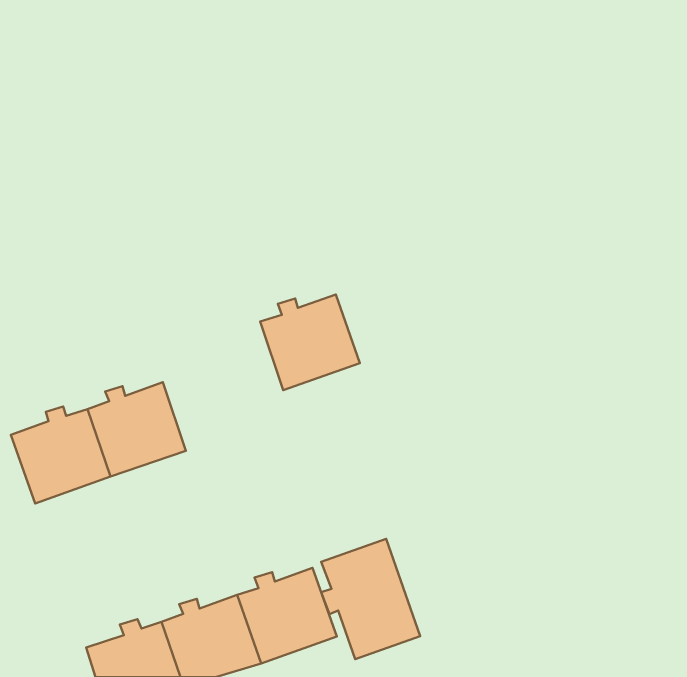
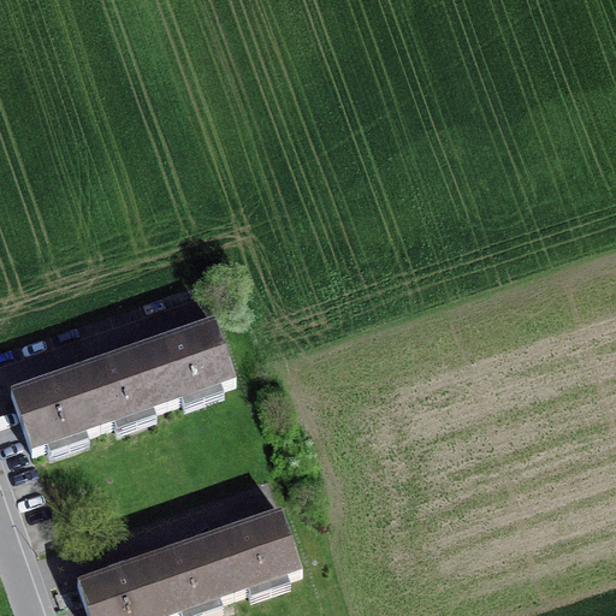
building: [260,295,360,390] -> [146,318,235,403]
building: [321,539,420,659] -> none

